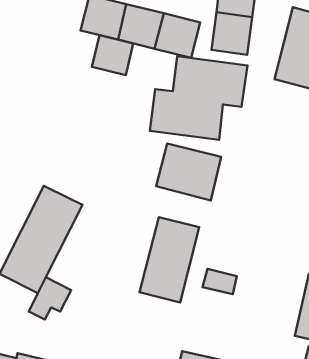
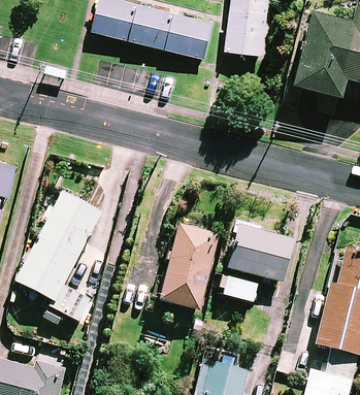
building: [92,35,133,75] -> none
building: [150,56,248,140] -> none
building: [156,144,221,200] -> [226,224,292,282]

